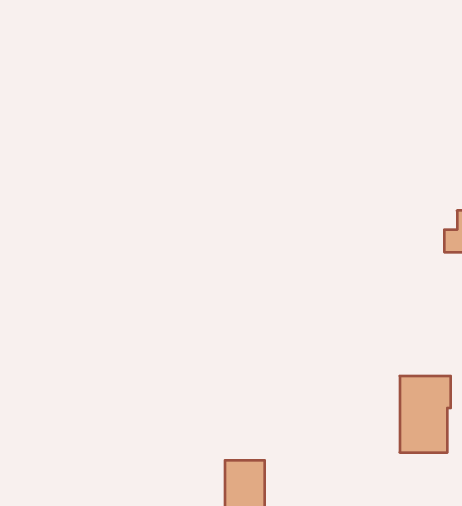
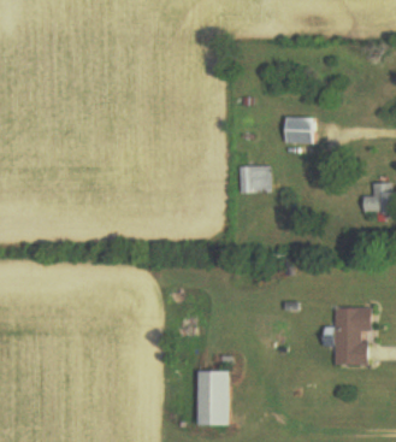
building: none -> [288,117,317,143]
building: none -> [236,166,267,193]

